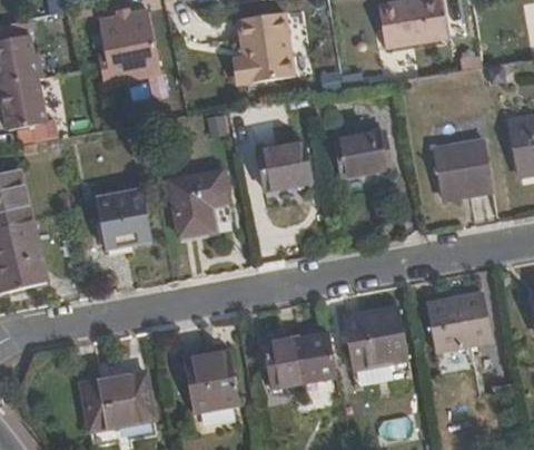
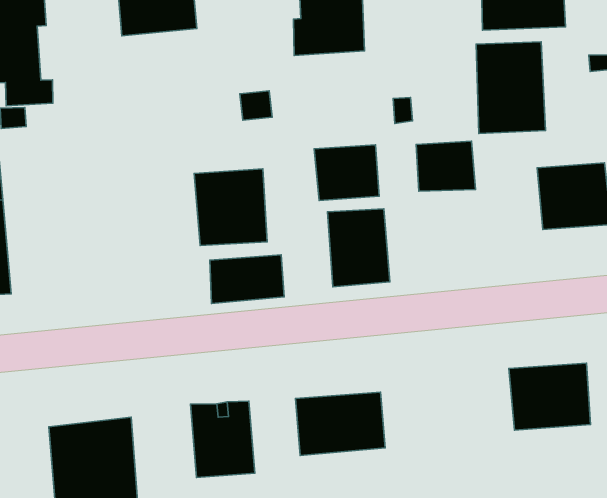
building: none -> [476,42,545,133]
building: [99,190,155,246] -> none
building: none -> [327,209,390,287]
building: none -> [210,255,284,303]
building: [344,312,407,370] -> none

